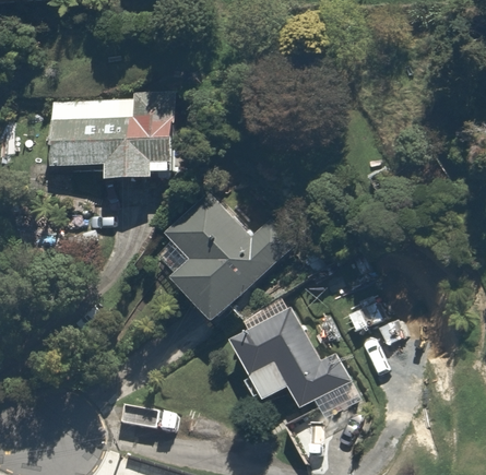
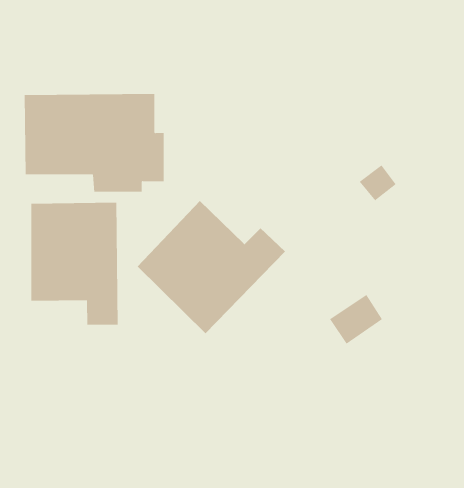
building: none -> [31,202,118,325]
building: [229,309,342,407] -> none

